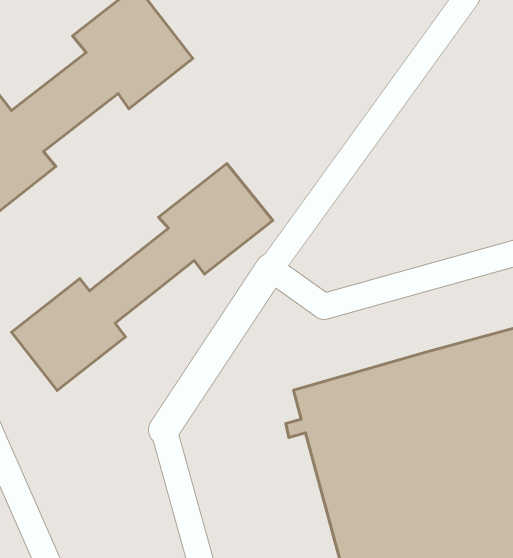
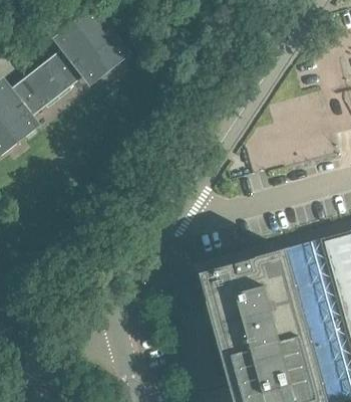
building: [12,164,273,390] -> none

